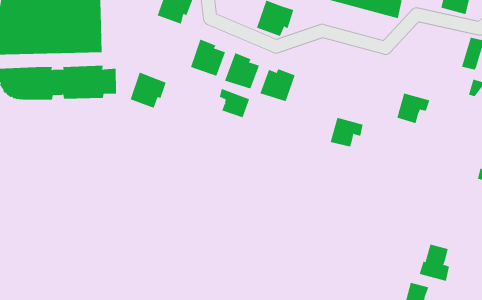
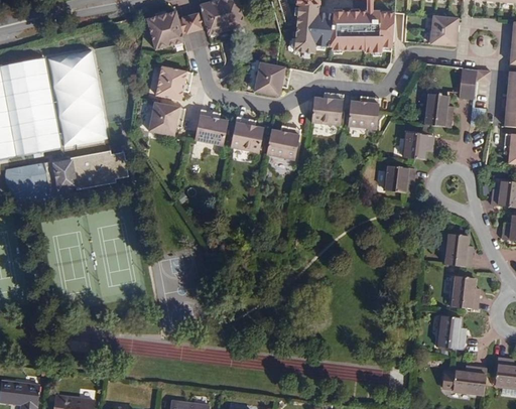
building: none -> [311,94,343,124]
building: none -> [348,98,379,128]
building: none -> [423,93,453,126]
building: [130,72,167,108] -> [148,101,181,134]
building: [219,88,250,118] -> none
building: [330,117,364,147] -> [385,164,415,191]
building: none -> [443,232,473,266]

